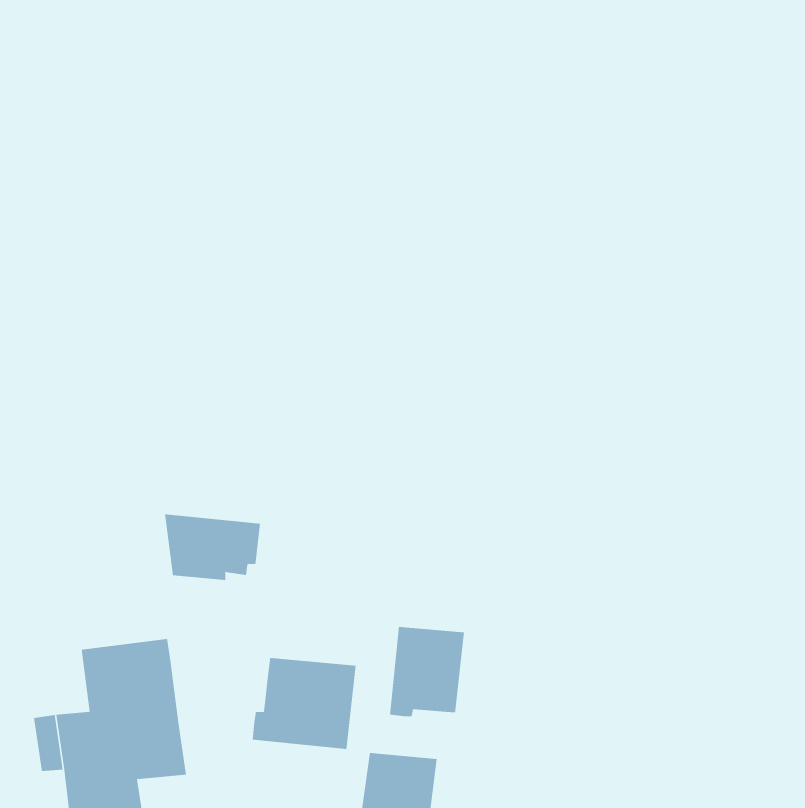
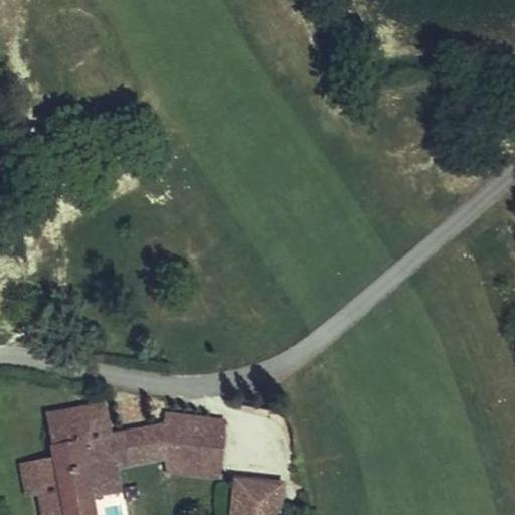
building: [164,514,261,580] -> [109,420,170,463]
building: [390,626,464,717] -> none

